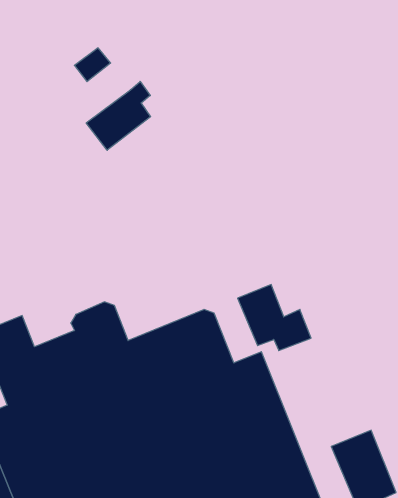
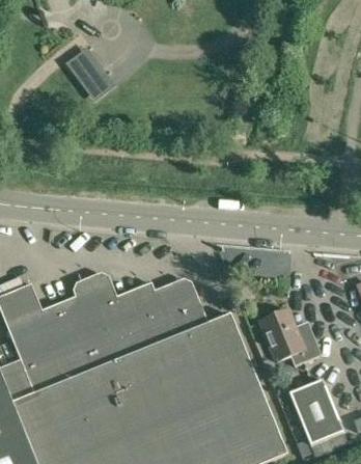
building: [86,81,151,150] -> none
building: [238,285,311,351] -> [259,310,321,365]

